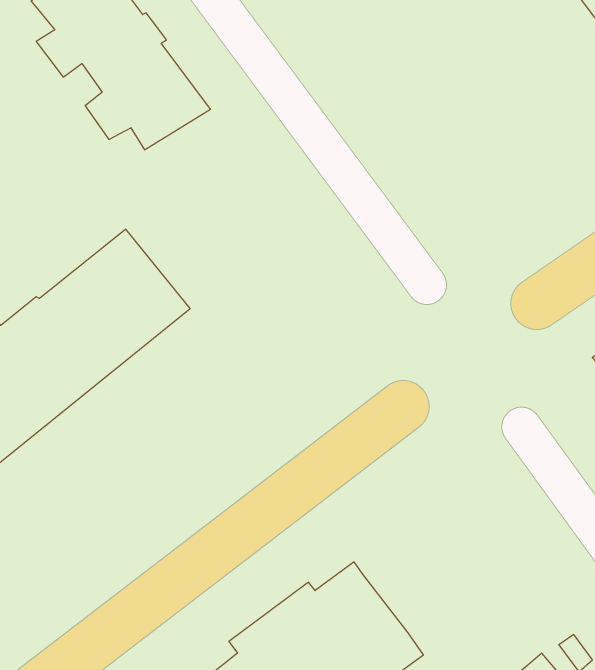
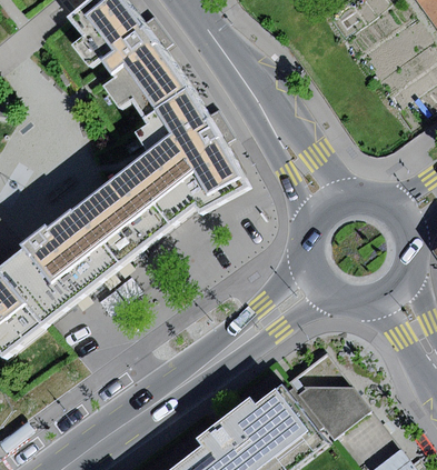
building: none -> [128,88,245,219]
building: none -> [284,353,369,439]

